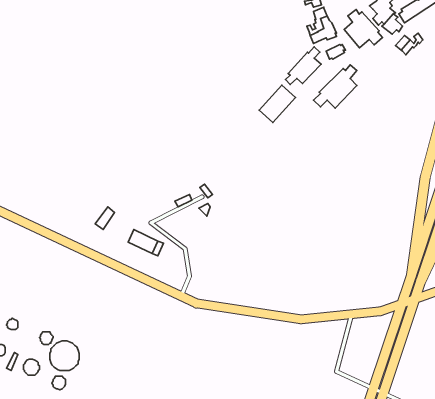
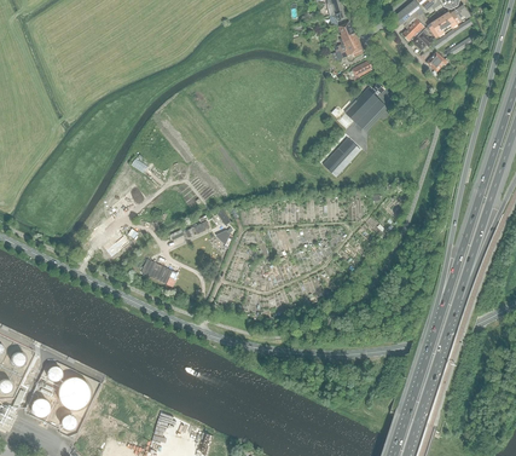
building: [344,10,383,48] -> none
building: [285,47,321,85] -> none
building: [259,85,295,123] -> [323,137,361,177]

